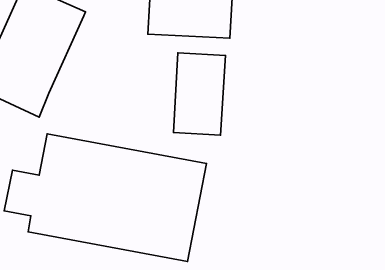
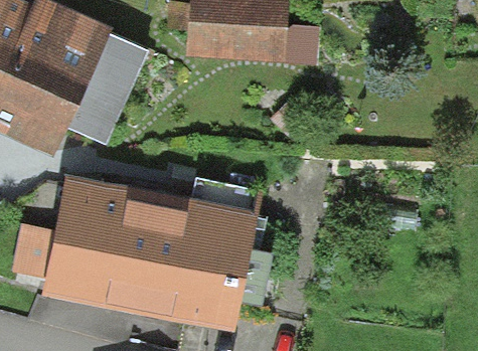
building: none -> [66,32,147,142]
building: [174,53,225,135] -> none

